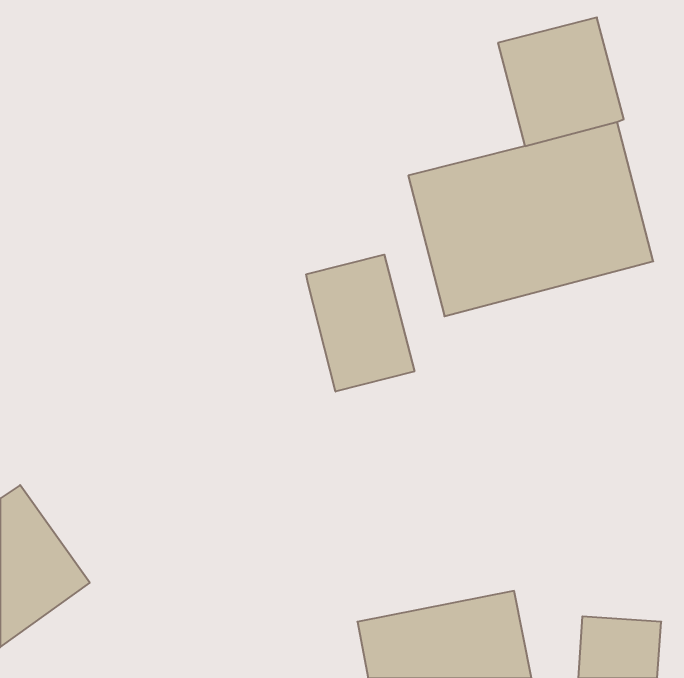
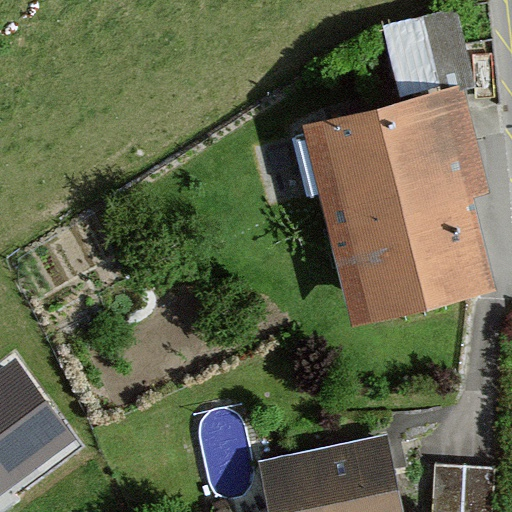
building: [306,255,414,392] -> none
building: none -> [332,199,497,329]

